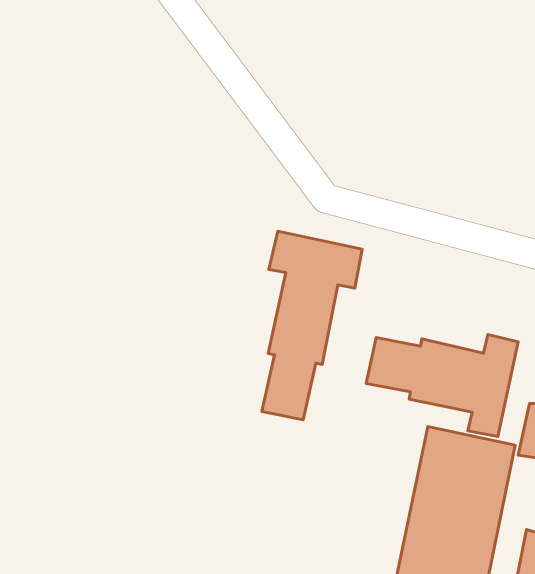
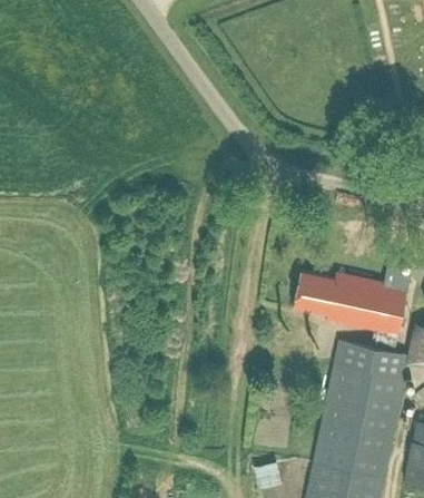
building: [262,231,362,420] -> none

